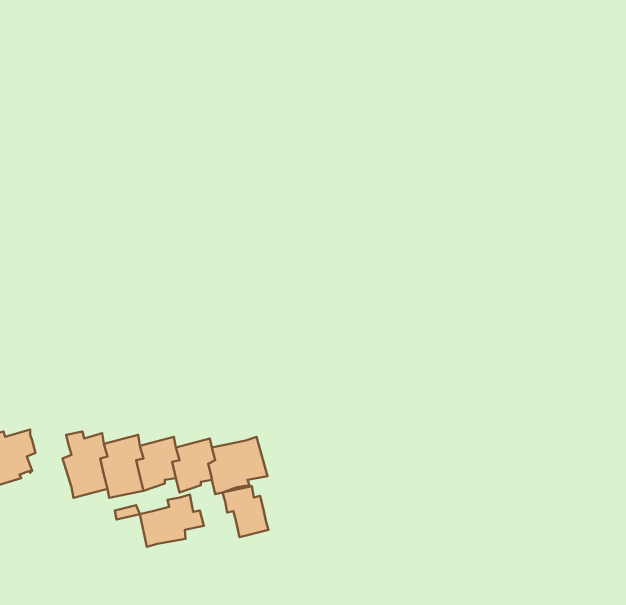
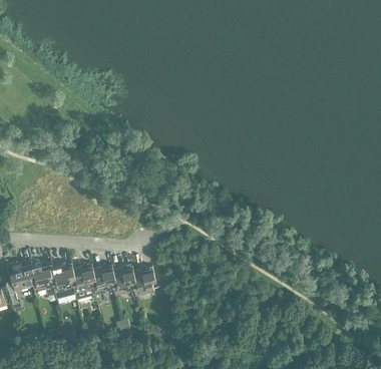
building: none -> [30,260,55,294]
building: [222,486,268,537] -> none
building: [140,494,204,547] -> none

